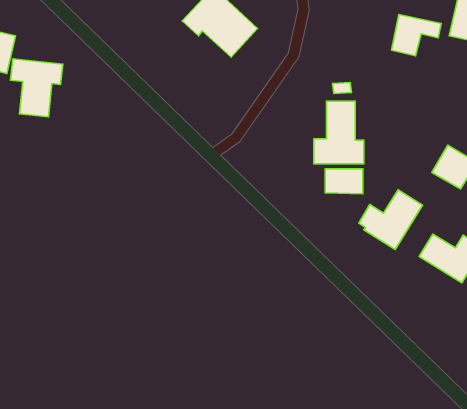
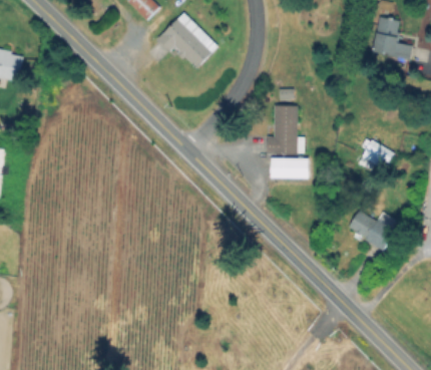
building: [392,14,441,56] -> none
building: [11,59,63,117] -> none
building: [359,190,423,250] -> none

